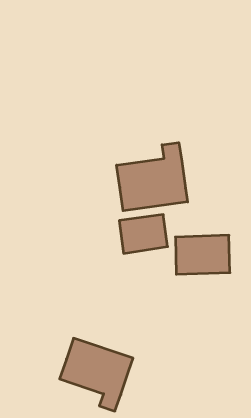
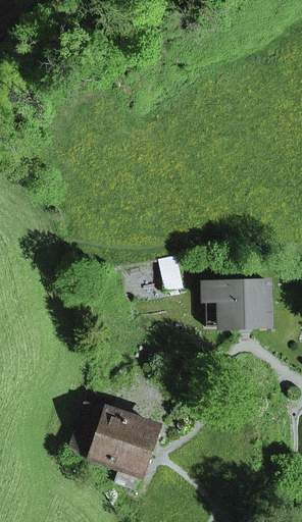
building: [117,143,188,211] -> none

